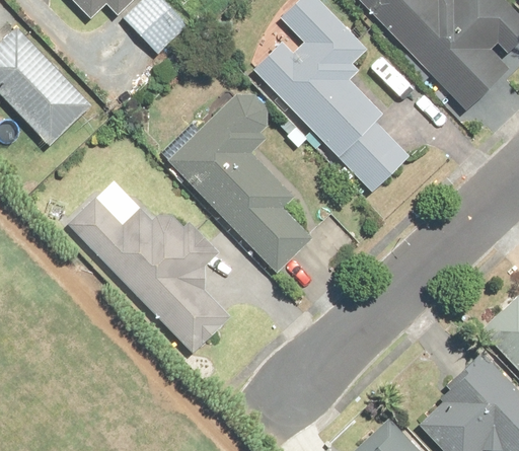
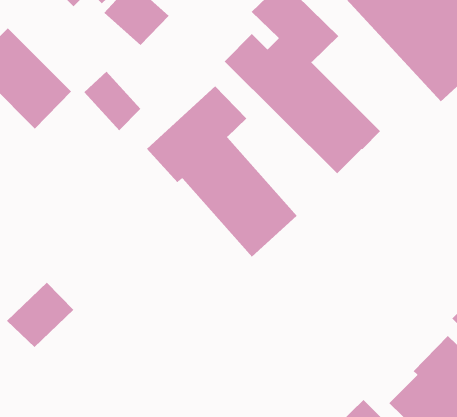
building: none -> [83,71,141,131]
building: [69,197,235,355] -> none
building: none -> [6,282,74,348]

